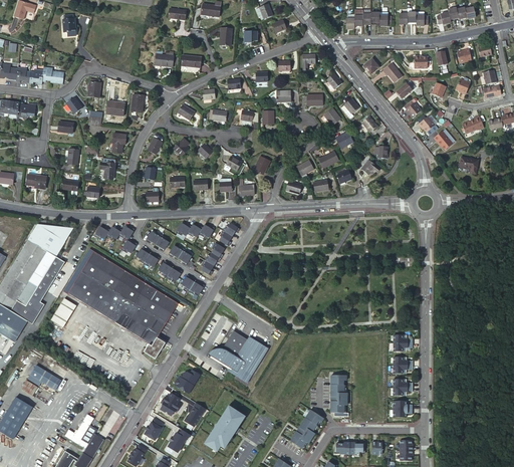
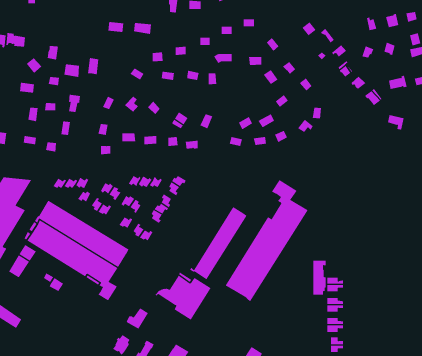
building: none -> [225,179,309,302]
building: none -> [189,206,247,280]
building: [331,376,346,414] -> [313,260,326,295]

